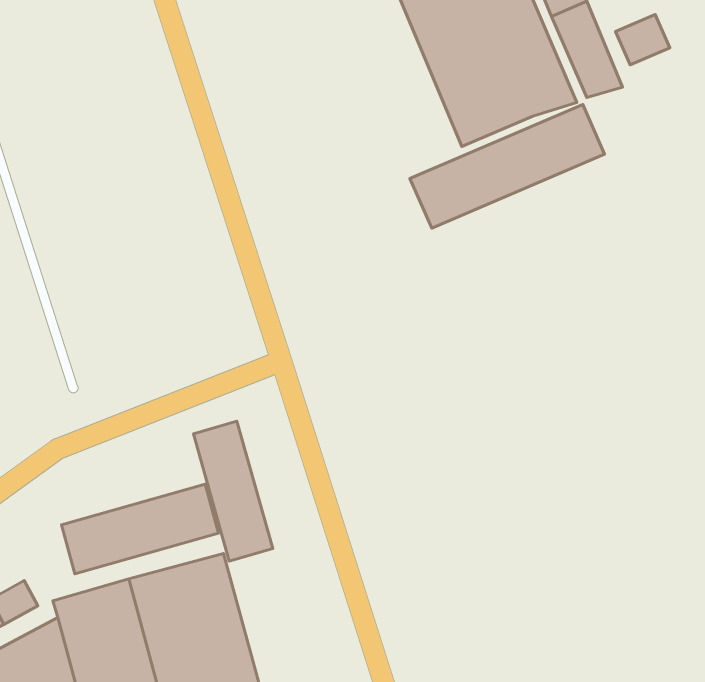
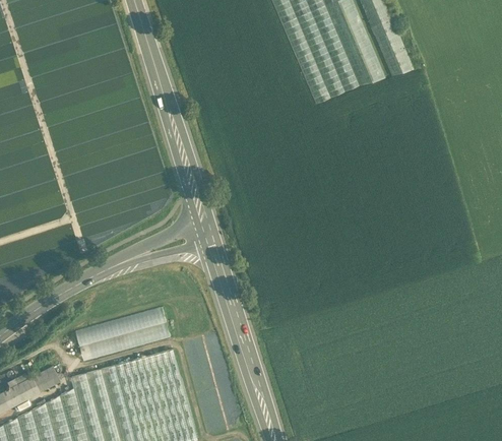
building: [615,15,670,65] -> none
building: [410,104,605,228] -> none
building: [193,421,273,561] -> none

